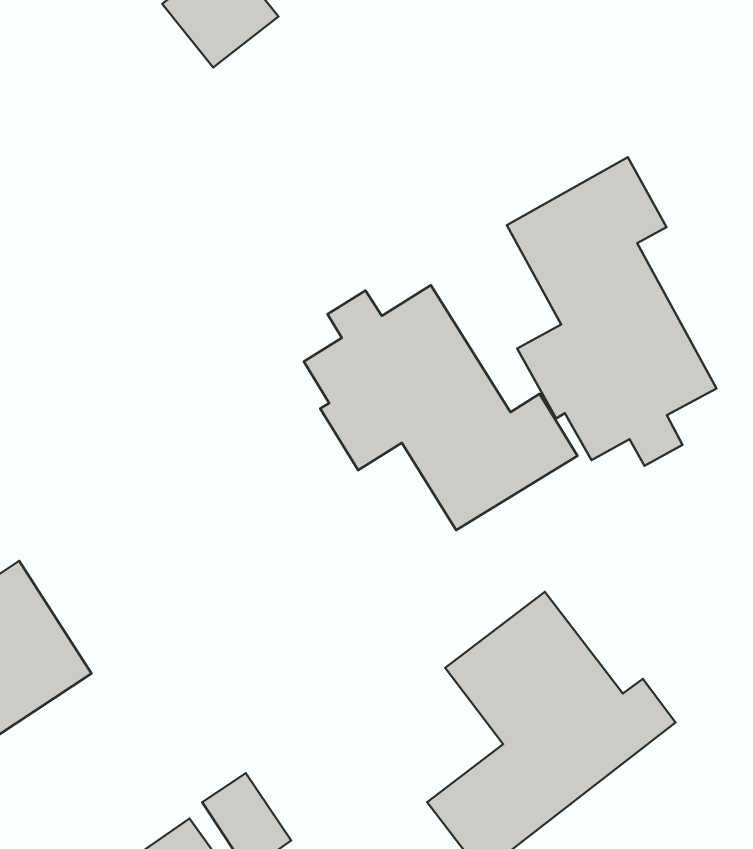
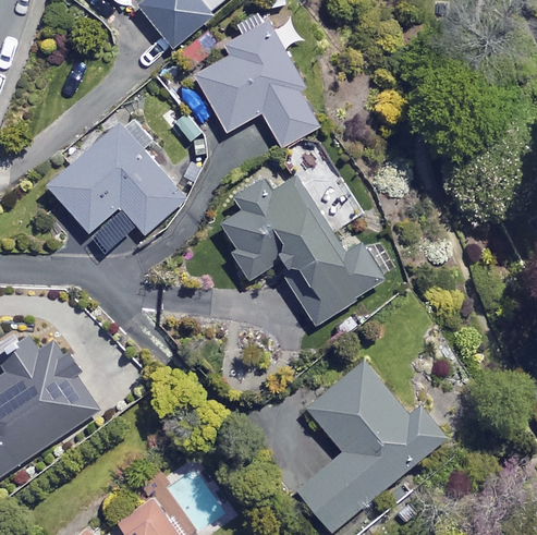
building: none -> [194,23,324,147]
building: [507,157,717,466] -> none
building: none -> [49,125,183,233]

